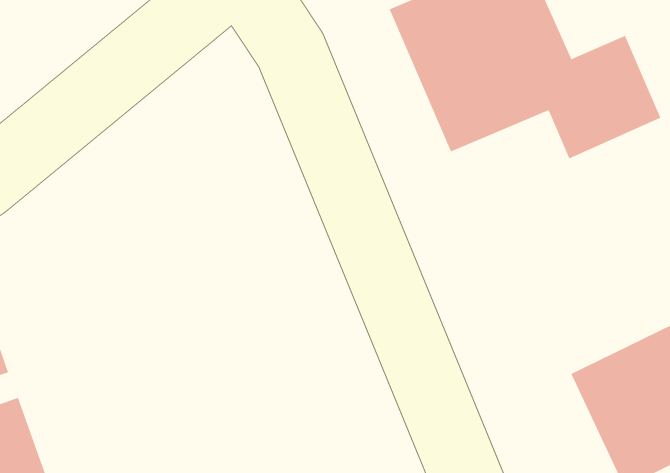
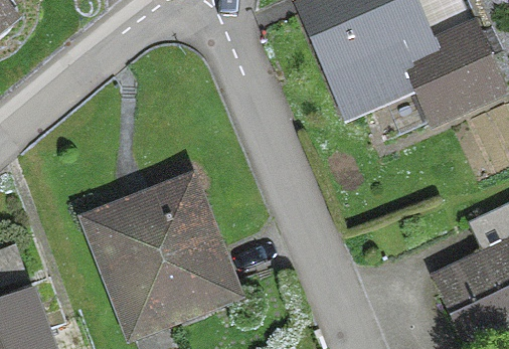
building: none -> [88,180,234,322]

